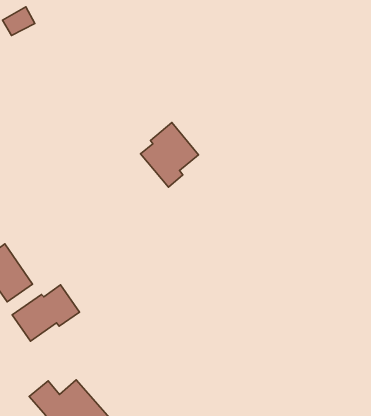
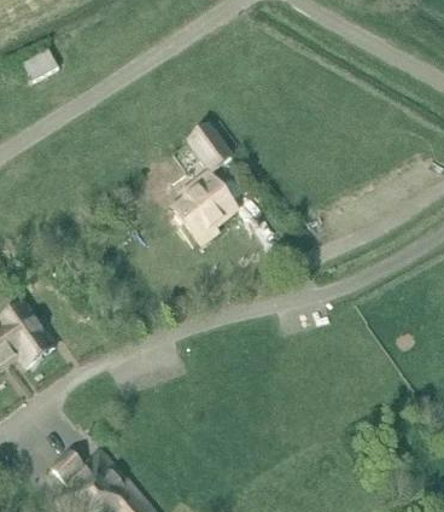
building: none -> [187,123,230,168]
building: [12,285,79,341] -> none

